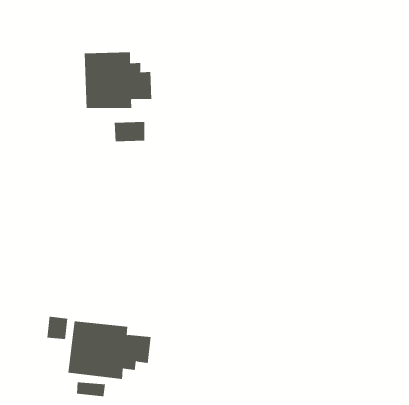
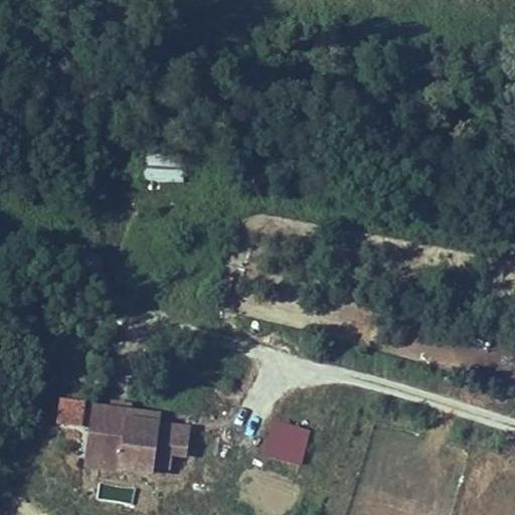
building: [84,52,152,109] -> none
building: none -> [262,418,306,463]

